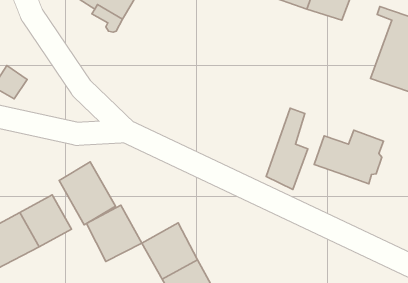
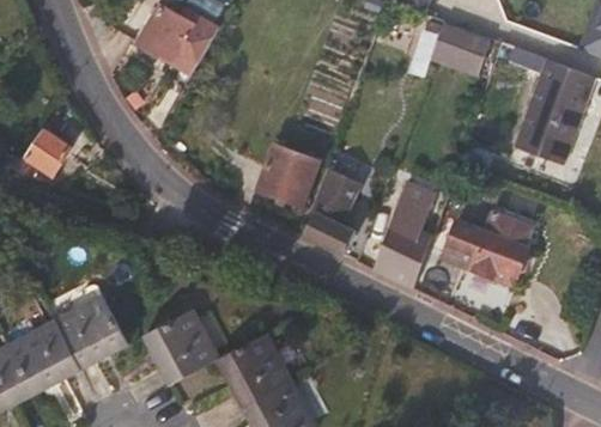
building: none -> [259,144,318,202]
building: none -> [305,172,354,255]
building: [59,162,115,225] -> none

